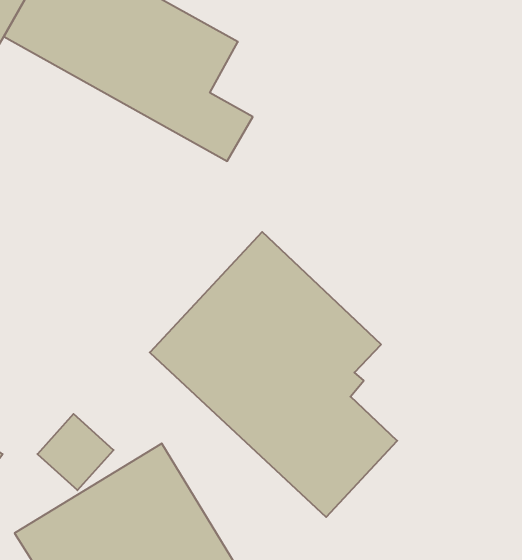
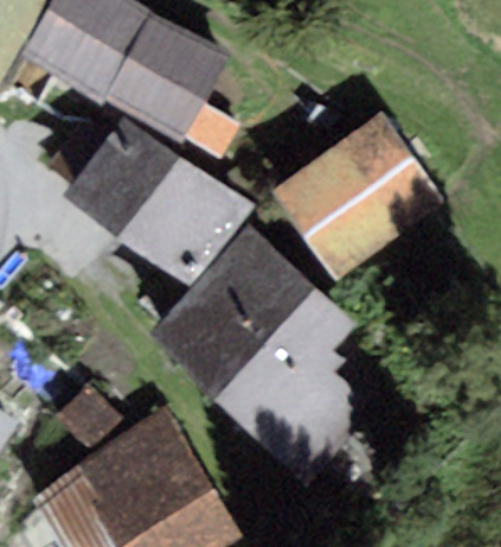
building: none -> [66,115,249,284]
building: none -> [272,117,441,279]

